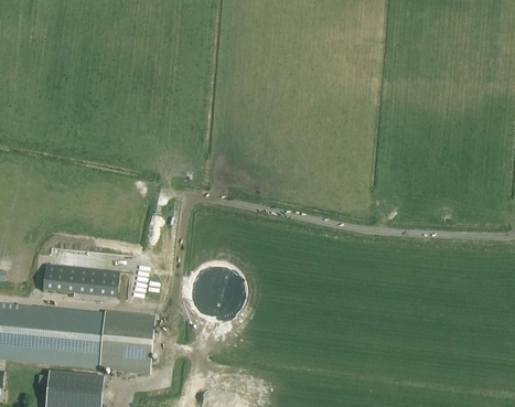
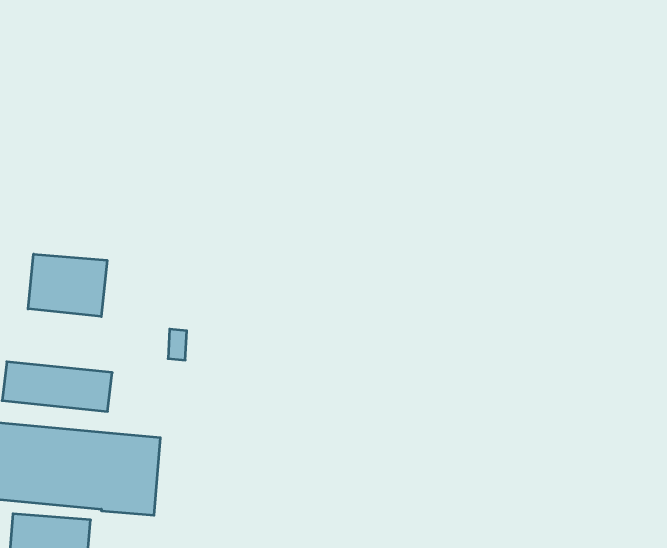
building: none -> [28,254,107,317]

